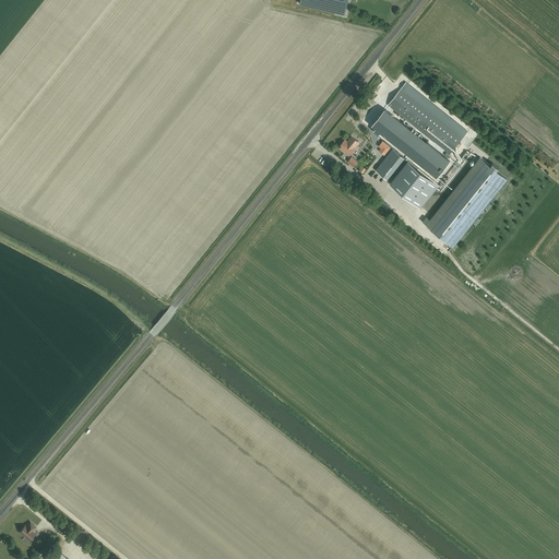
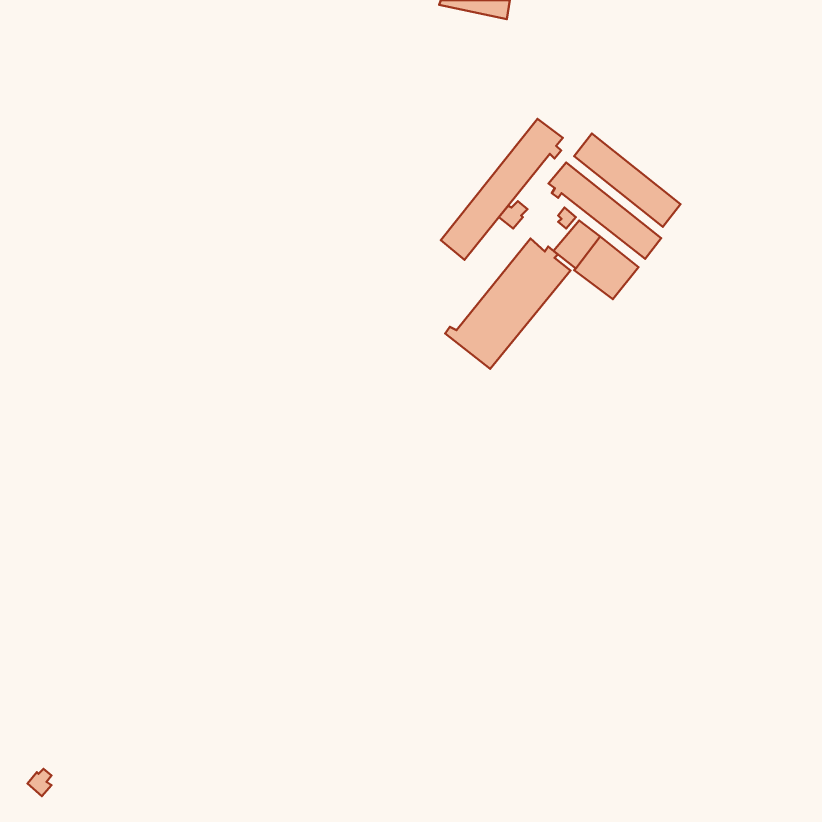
building: none -> [441,119,563,260]
building: [423,157,508,246] -> [445,238,571,369]

